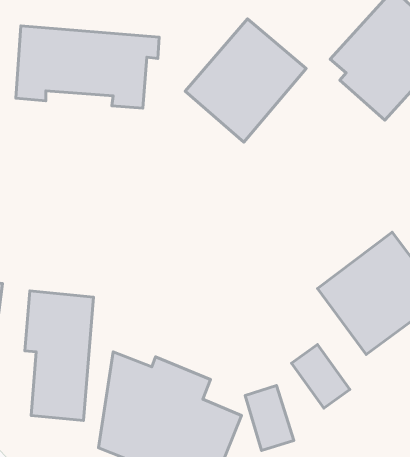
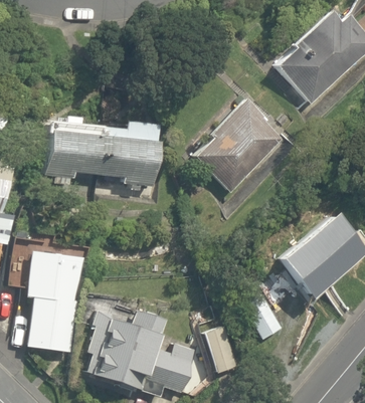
building: [185,19,306,142] -> [189,99,287,199]
building: [16,26,159,108] -> [47,119,163,185]

